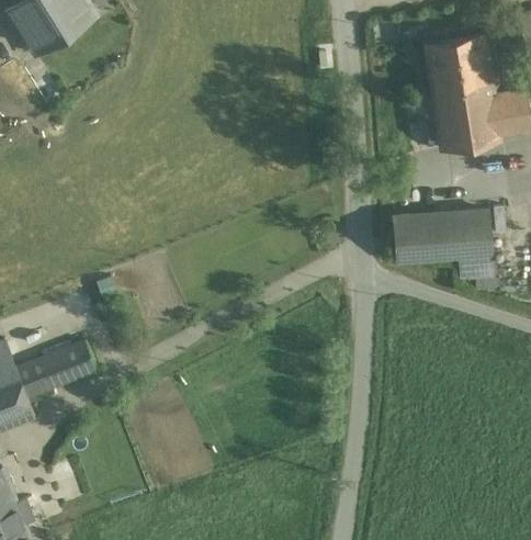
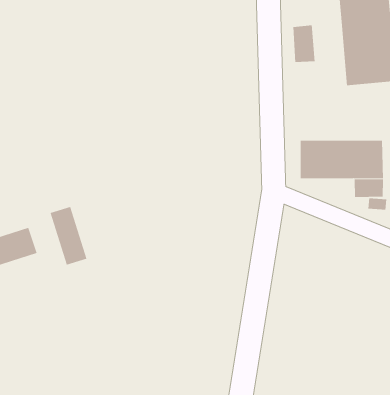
building: none -> [293,25,315,63]
building: none -> [50,206,87,266]

